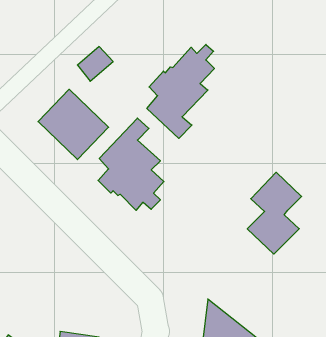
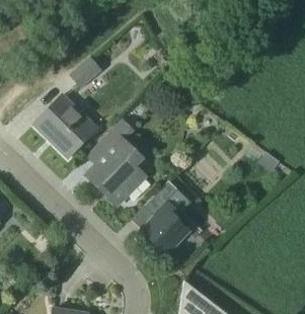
building: [147,44,214,138] -> none
building: [247,172,302,254] -> [143,180,190,252]

